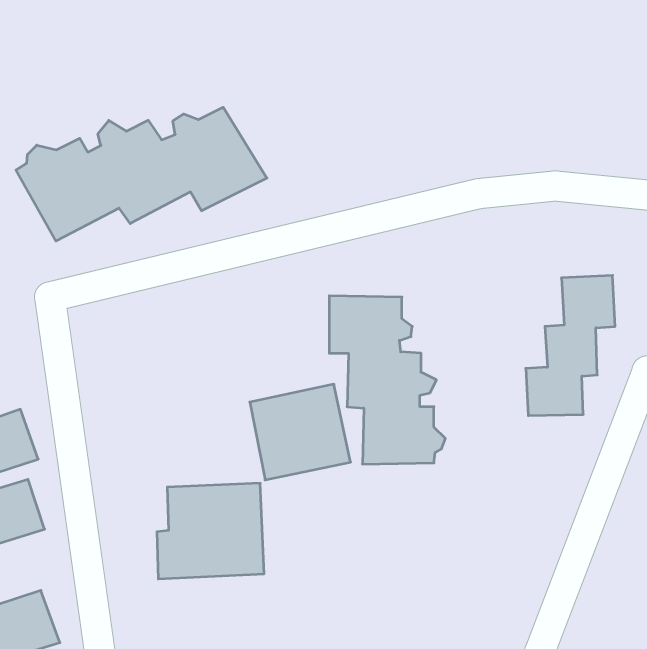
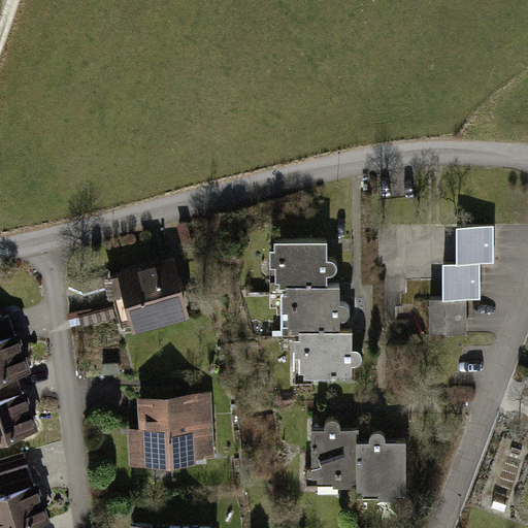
building: [16,107,267,241] -> none
building: [250,384,351,480] -> [109,258,191,335]
building: none -> [308,422,403,495]

